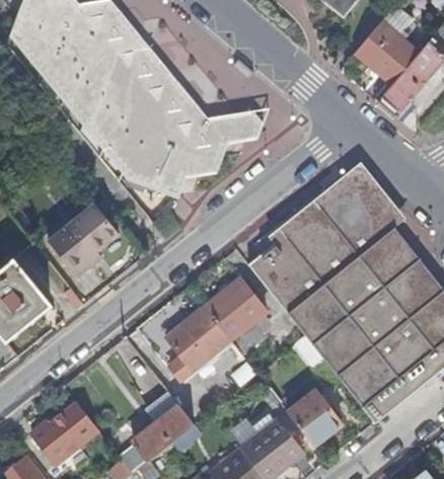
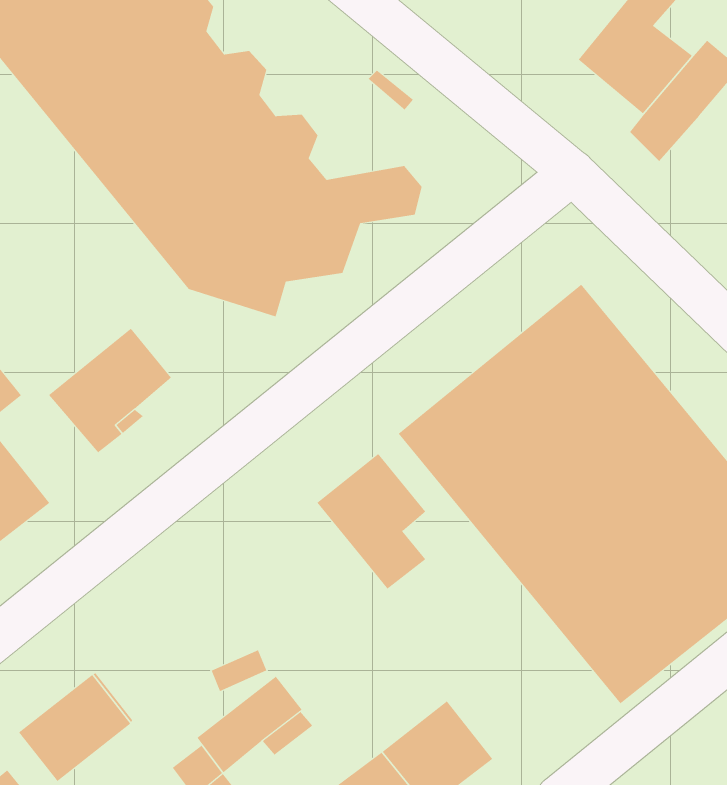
building: [164,305,229,378] -> none
building: [288,388,342,443] -> none

